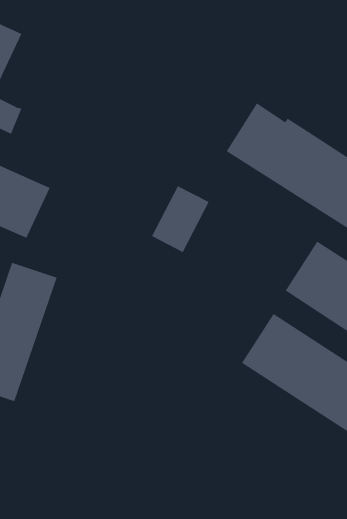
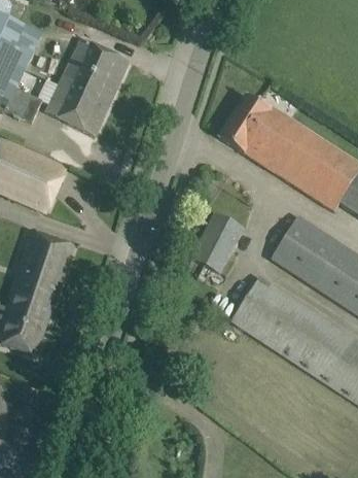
building: none -> [37,38,129,136]
building: [151,185,209,253] -> [191,213,242,272]

